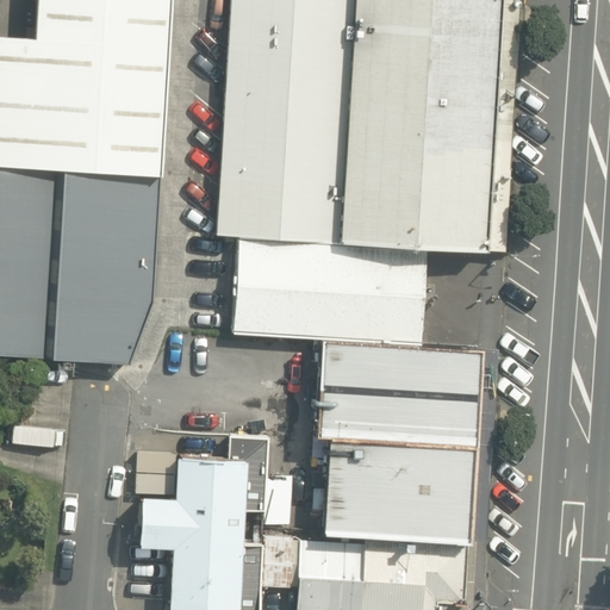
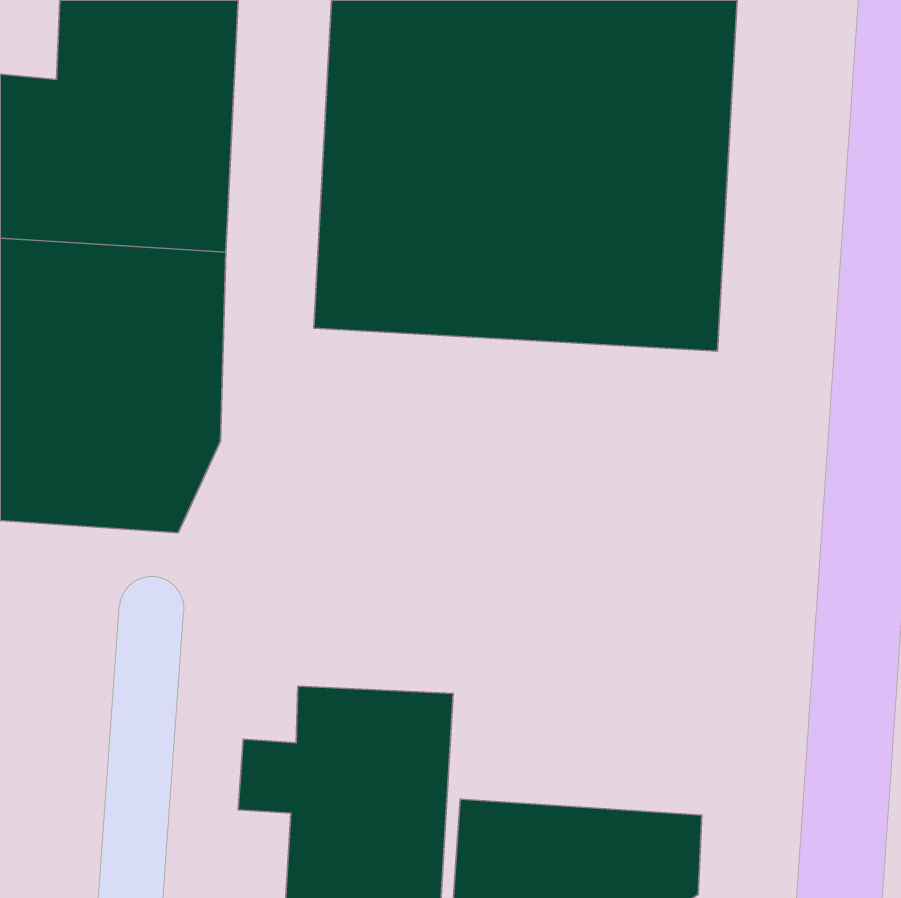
building: [234,242,421,341] -> none
building: [322,344,483,533] -> none

